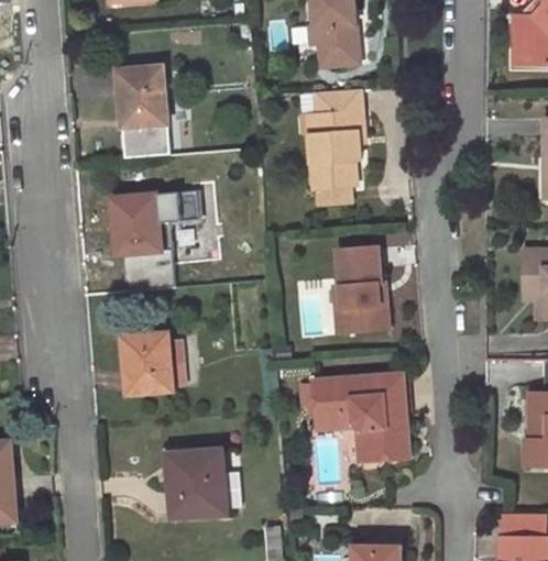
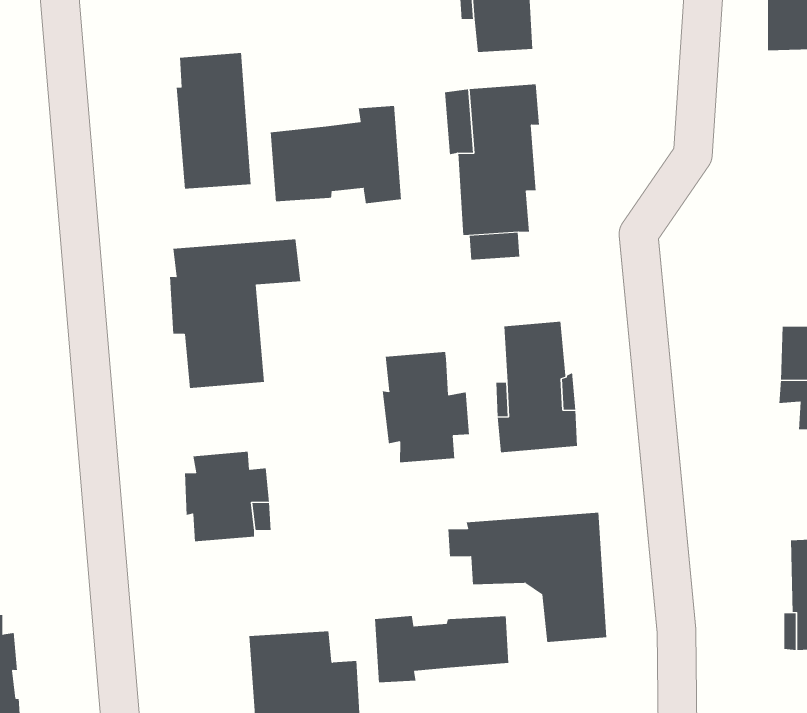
building: none -> [270,105,401,204]
building: none -> [382,351,469,463]
building: none -> [374,615,509,683]

